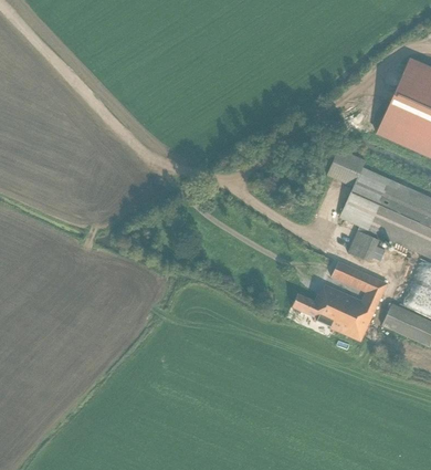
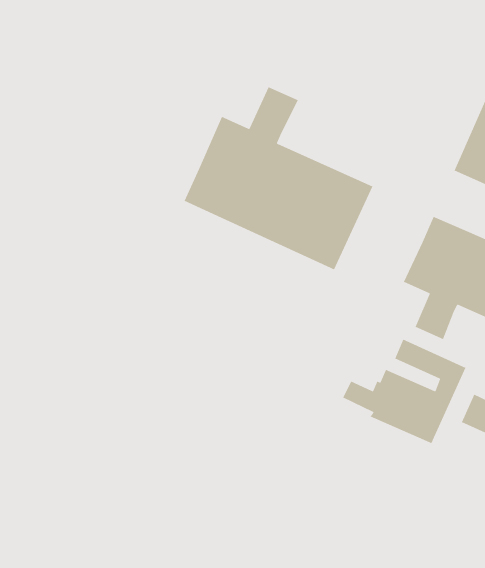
building: none -> [184,86,373,270]
building: [326,147,365,186] -> none

